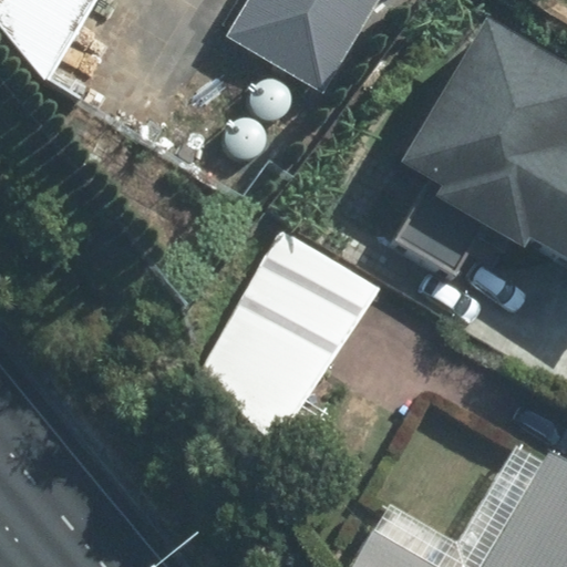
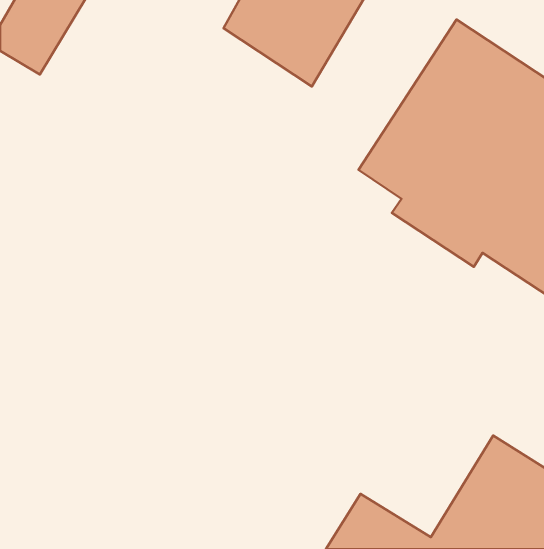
building: [199,227,389,443] -> none

